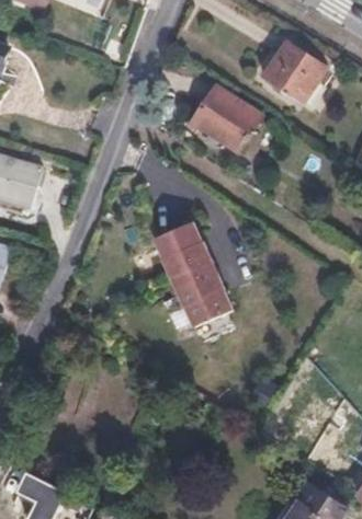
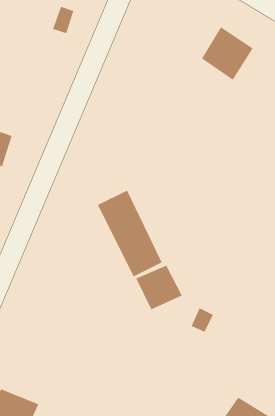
building: [194,84,264,150] -> none
building: none -> [136,265,182,310]

